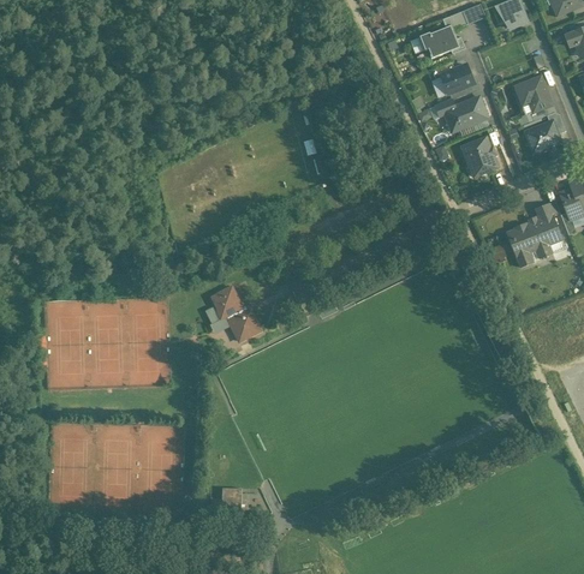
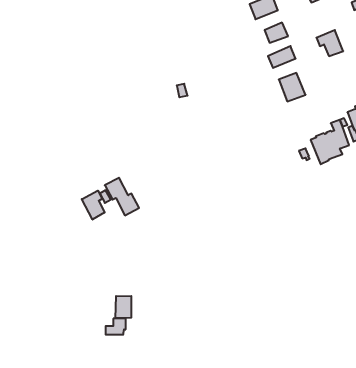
building: [525,120,560,151] -> none
building: none -> [82,191,105,220]
building: none -> [115,296,131,318]

